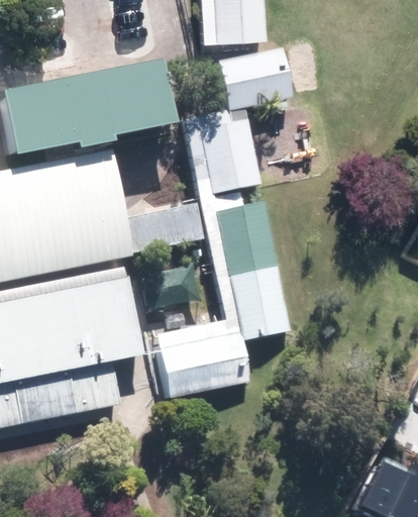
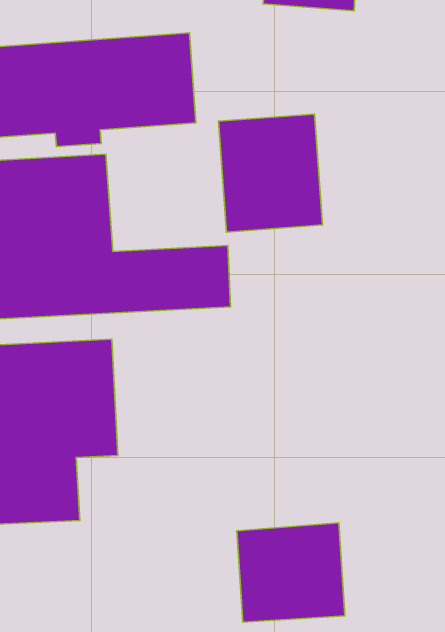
building: [214,47,288,109] -> none
building: [210,201,289,341] -> none
building: [155,320,236,396] -> [237,523,345,622]

